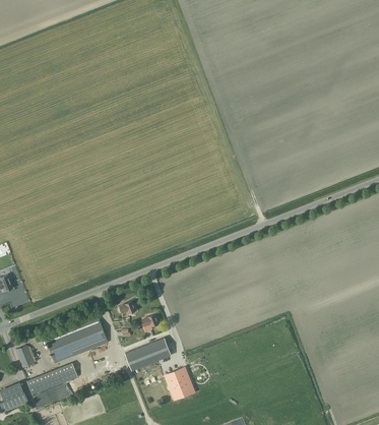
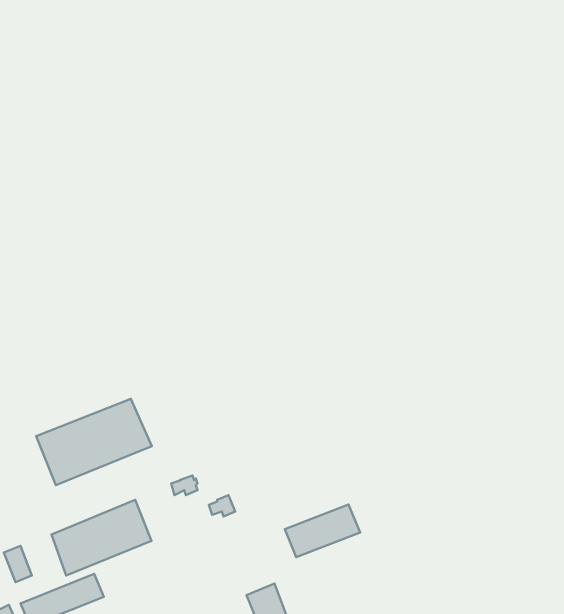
building: none -> [36,399,152,485]
building: [125,339,172,371] -> [285,505,360,557]

